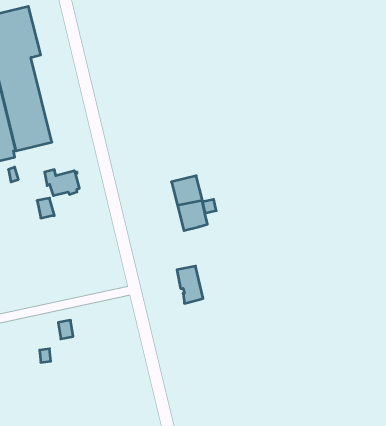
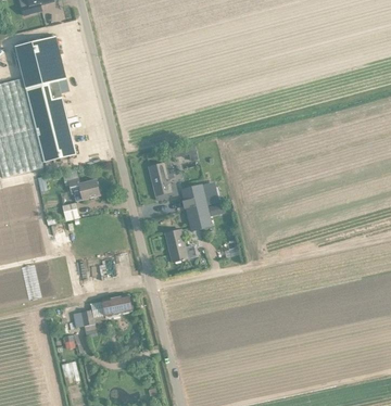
building: none -> [148,161,173,200]
building: [177,266,203,303] -> [164,229,187,262]
building: none -> [102,294,130,317]

